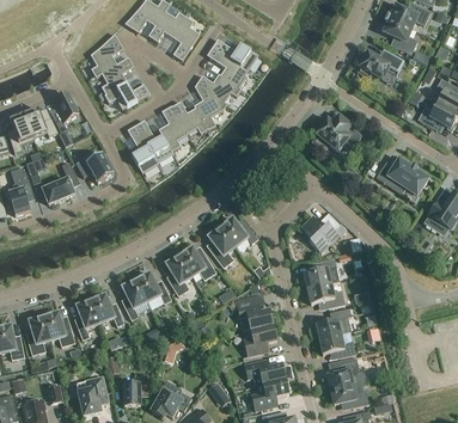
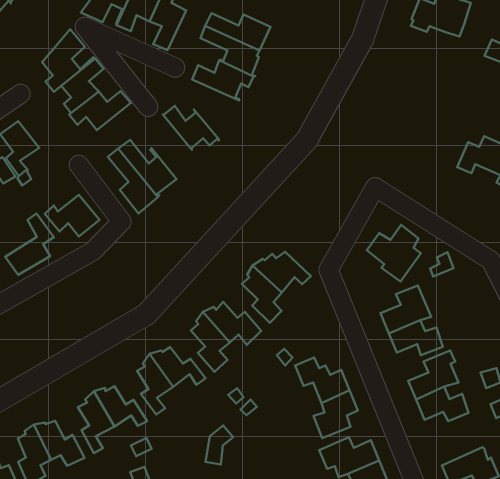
building: [194,84,227,129] -> none
building: [159,105,188,153] -> none
building: [313,115,361,151] -> none
building: [328,356,367,388] -> none

